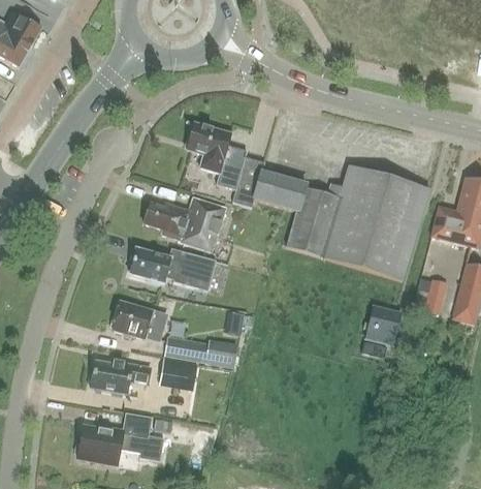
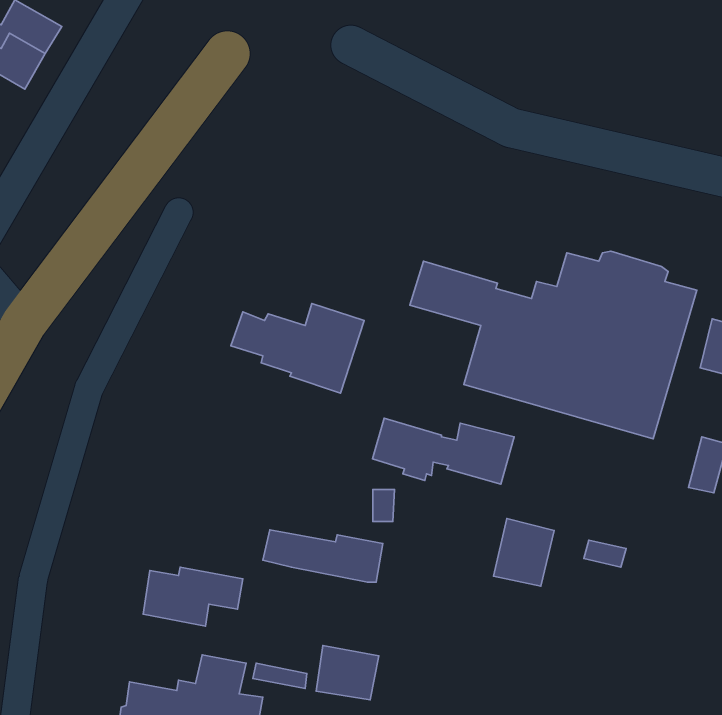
building: [187,123,264,206] -> none
building: [129,247,216,287] -> [372,418,514,484]
building: [111,300,165,338] -> none
building: [364,304,402,345] -> [493,519,554,586]
building: [160,356,198,389] -> [316,646,379,700]

